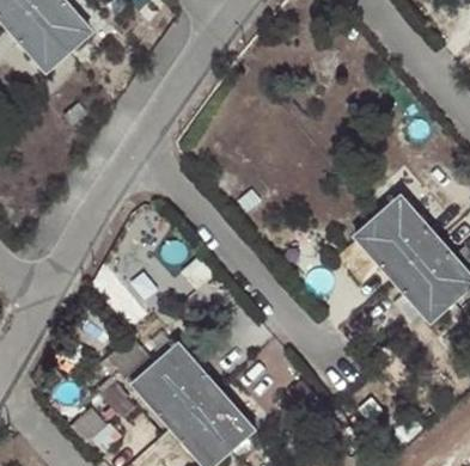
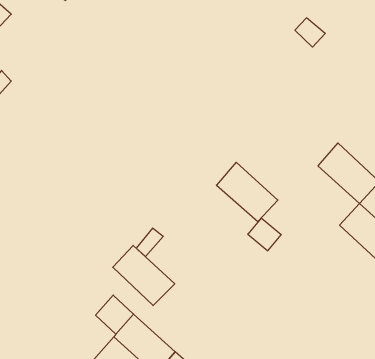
building: [358,217,417,280] -> [216,162,278,222]
building: none -> [113,245,175,306]

